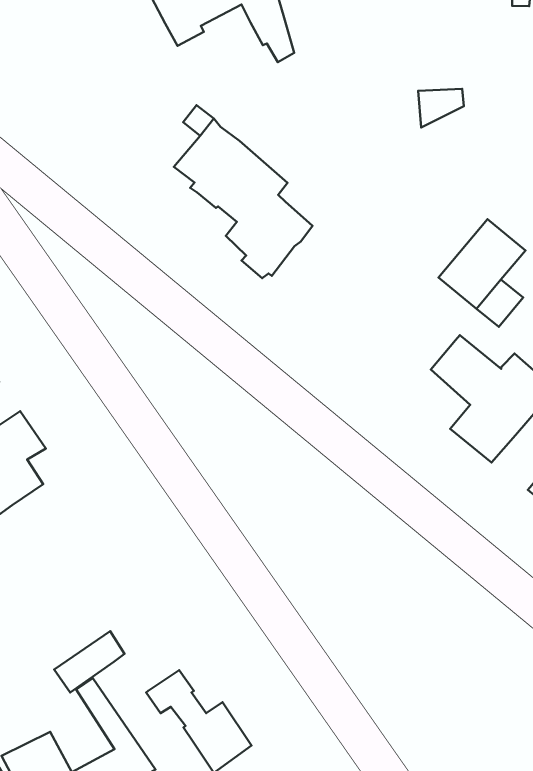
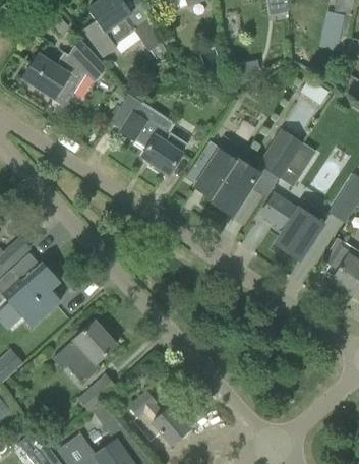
building: none -> [22,41,105,106]
building: none -> [185,141,258,215]
building: none -> [53,321,116,384]

